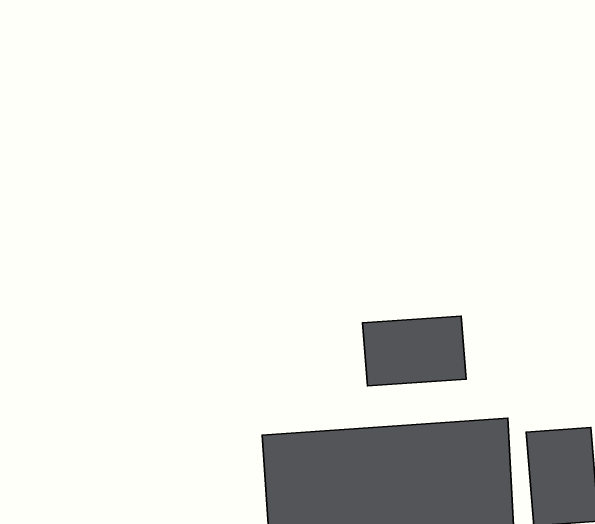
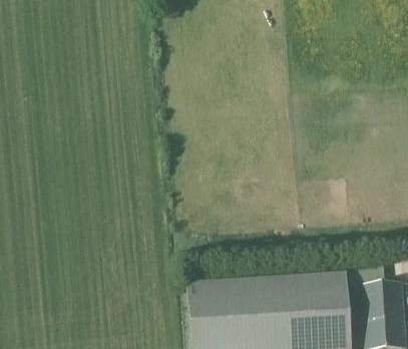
building: [362,316,466,386] -> none

